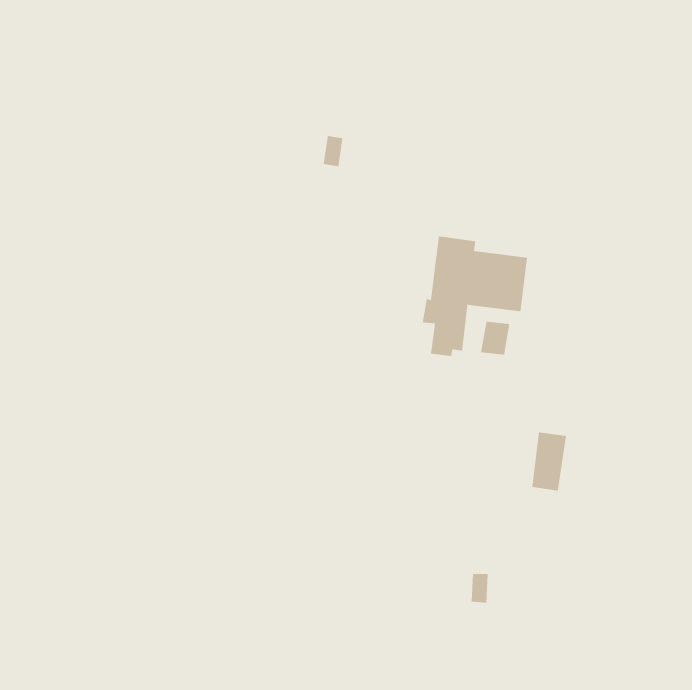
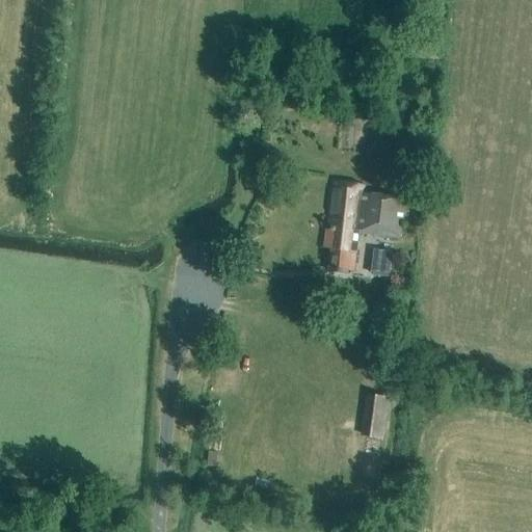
building: [531,432,567,491] -> [362,392,389,437]

